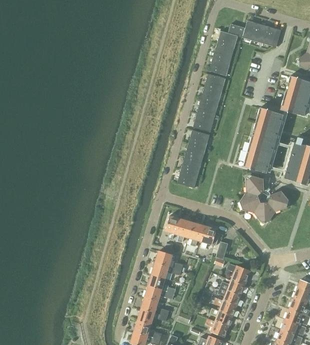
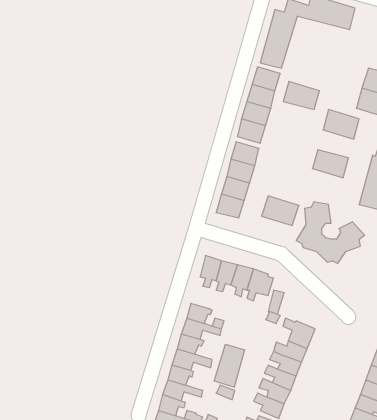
building: [253,121,280,142] -> [283,81,319,109]
building: [244,150,272,172] -> [262,196,299,225]
building: none -> [214,344,245,387]

